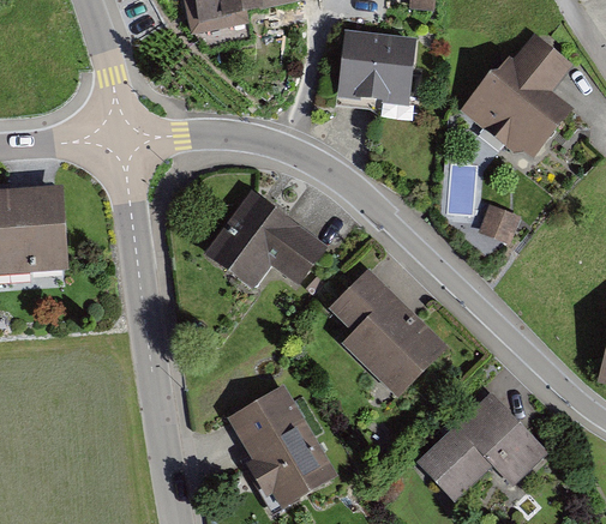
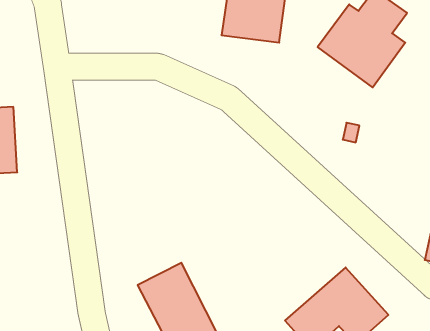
building: [203,192,324,288] -> none
building: [328,266,449,397] -> none

